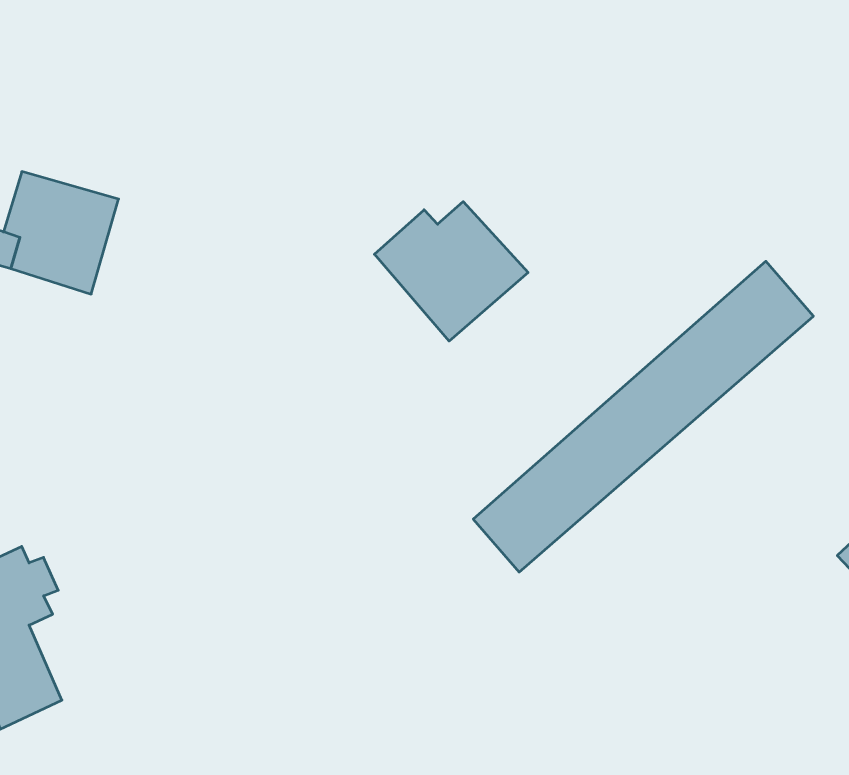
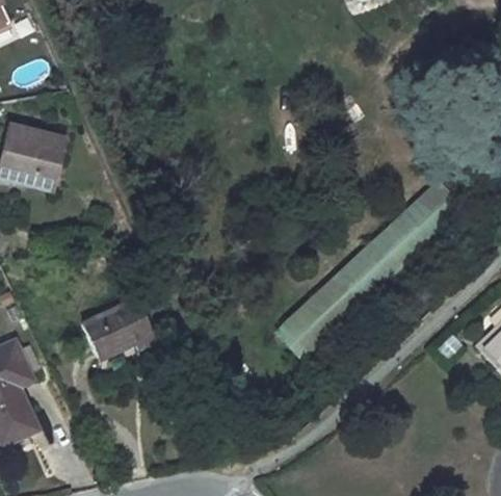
building: [374,202,528,341] -> none
building: none -> [81,296,154,360]

